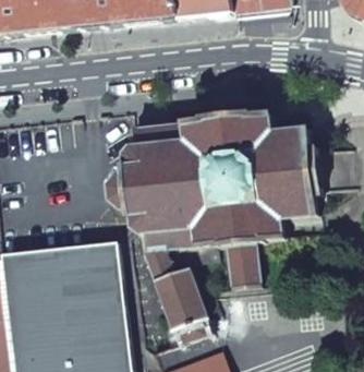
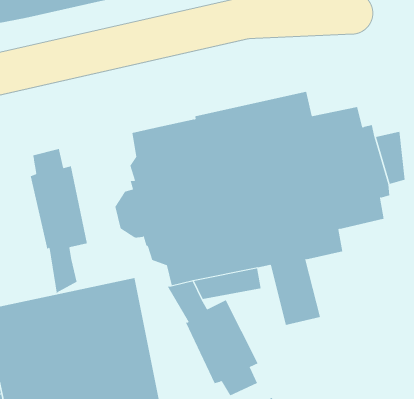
building: none -> [30,148,88,294]

